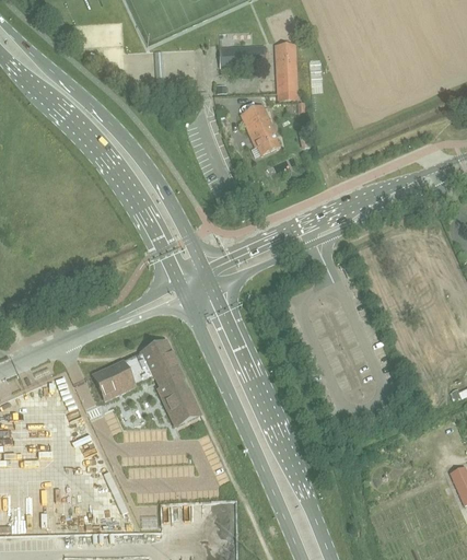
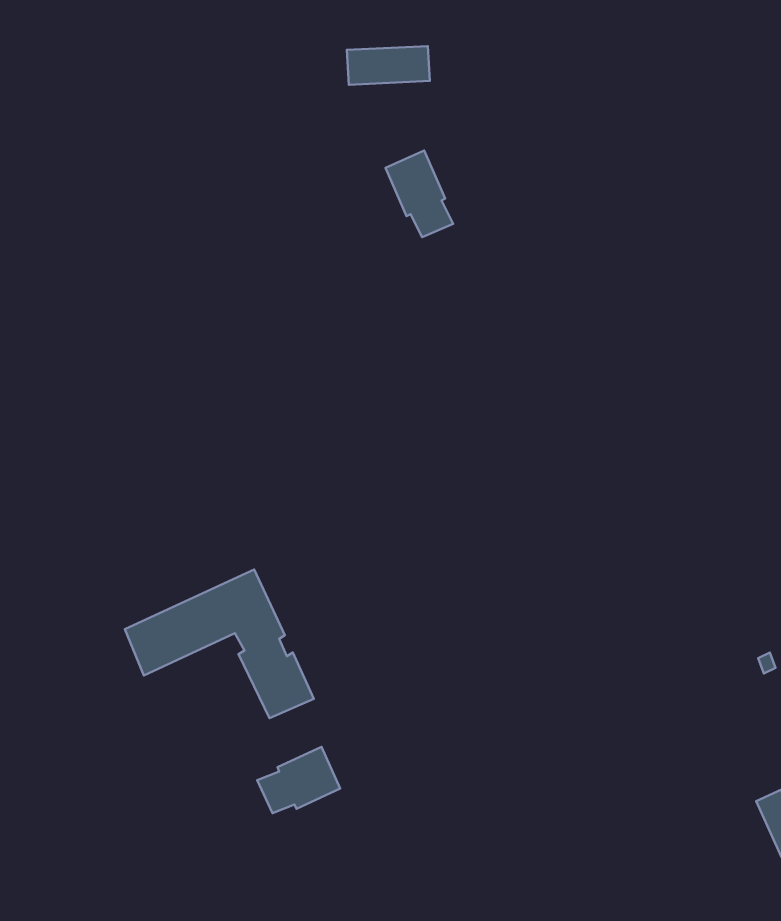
building: [276,43,299,101] -> none
building: none -> [257,747,340,813]

